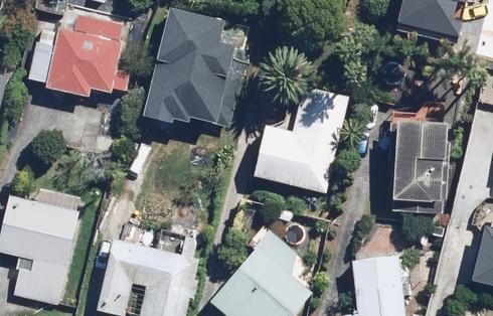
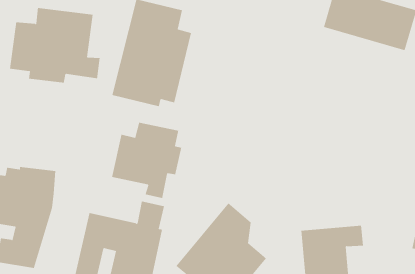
building: [253,84,350,193] -> none
building: [392,121,450,211] -> none
building: none -> [112,122,182,199]

